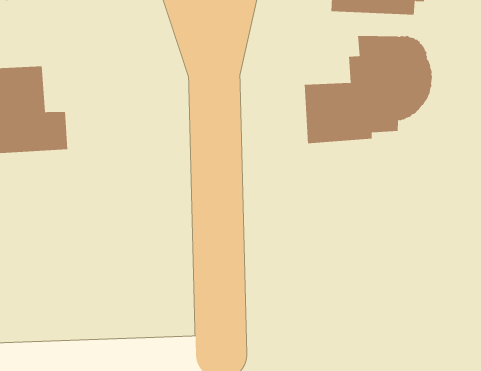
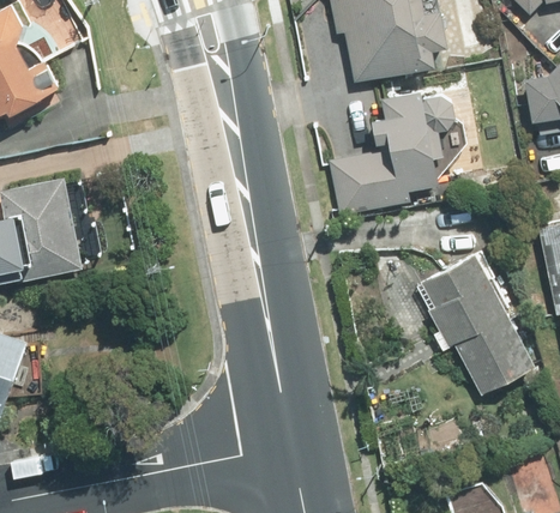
building: none -> [427,248,537,399]

